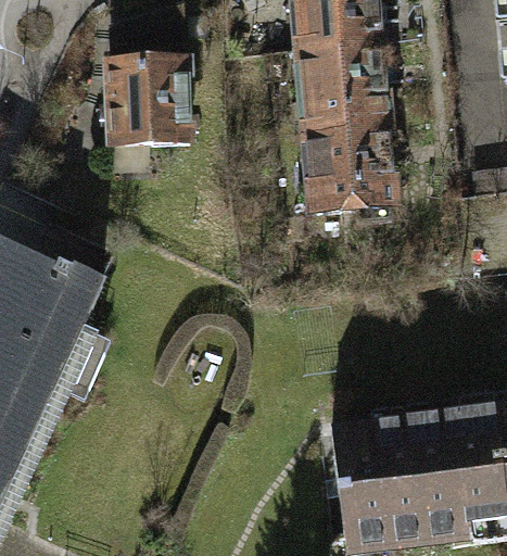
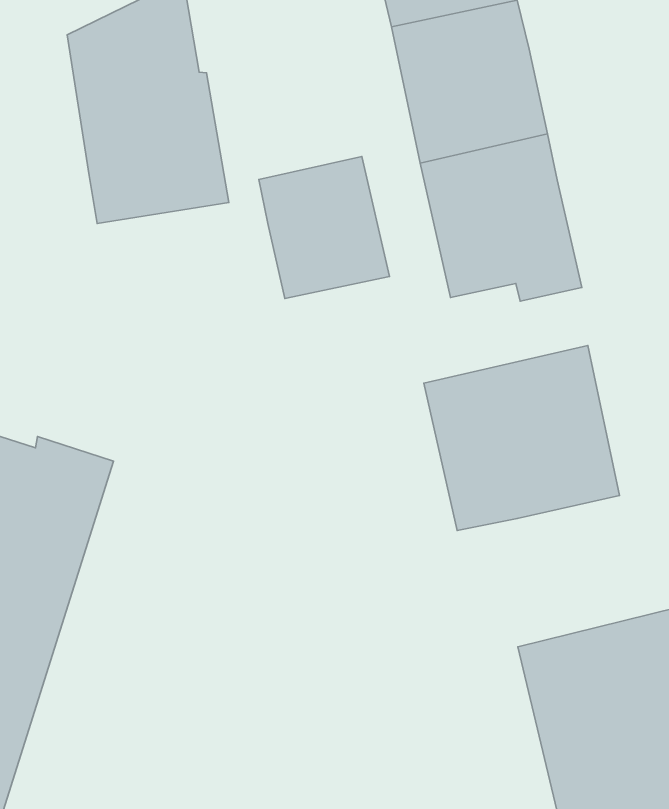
building: none -> [259,156,390,298]
building: none -> [424,345,619,531]

